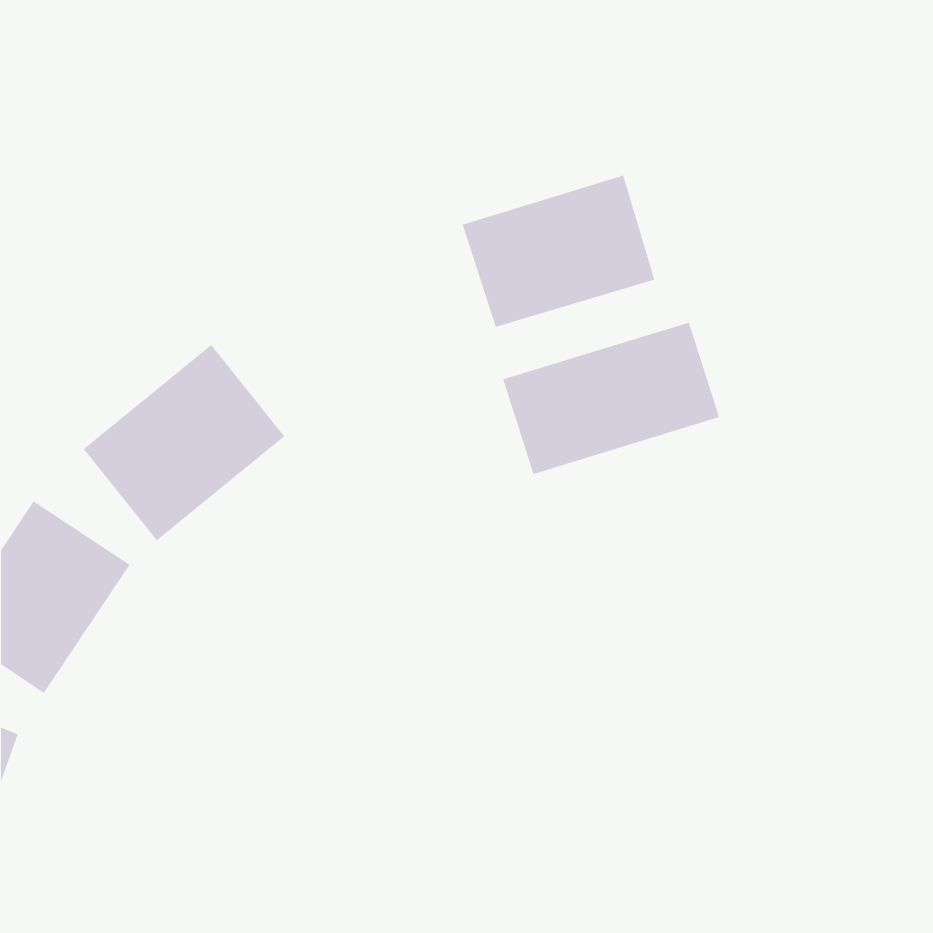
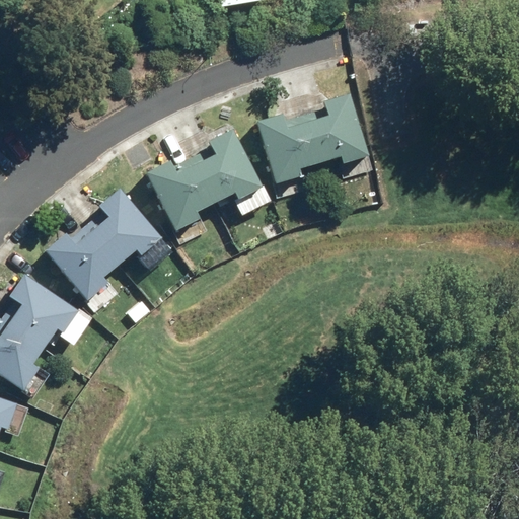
building: none -> [148,131,260,226]
building: [503,322,720,475] -> none

